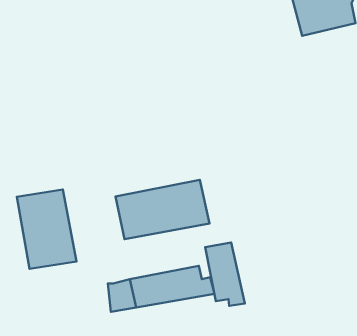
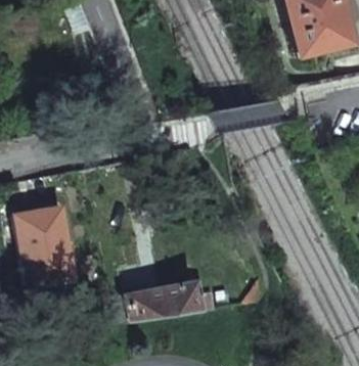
building: [115,180,210,239] -> none
building: [205,243,245,306] -> none

